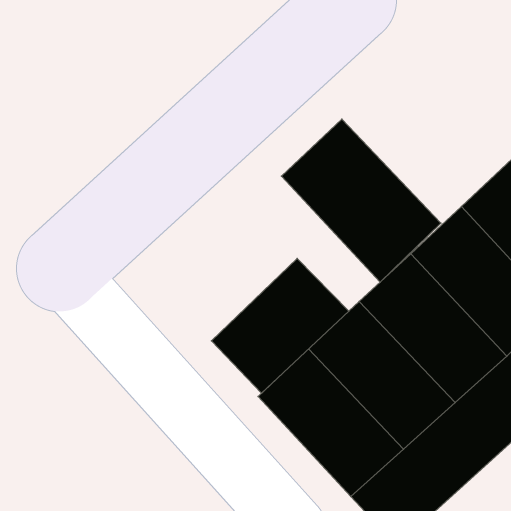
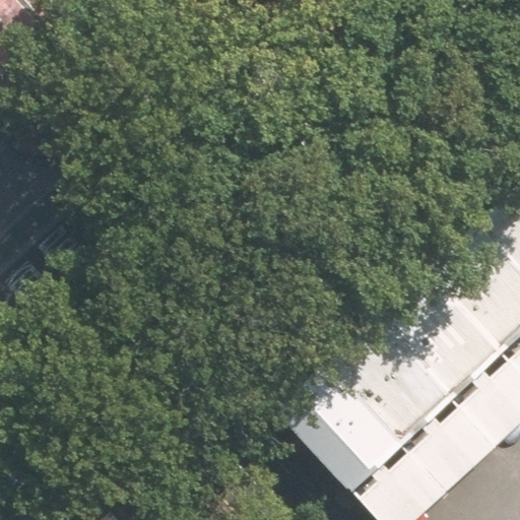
building: [282,119,441,282] -> none
building: [212,258,349,393] -> none

